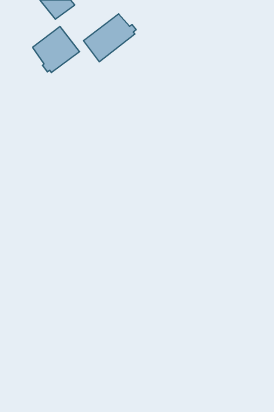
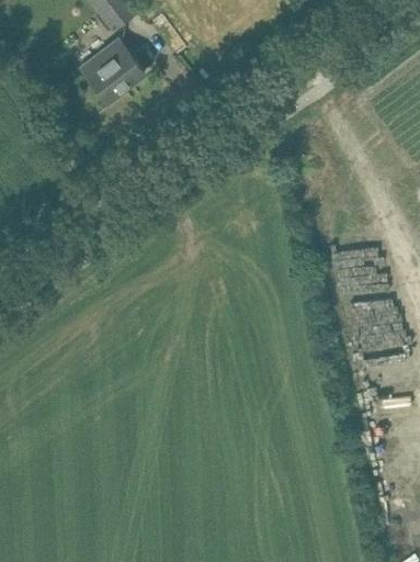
building: [84,14,136,62] -> none

